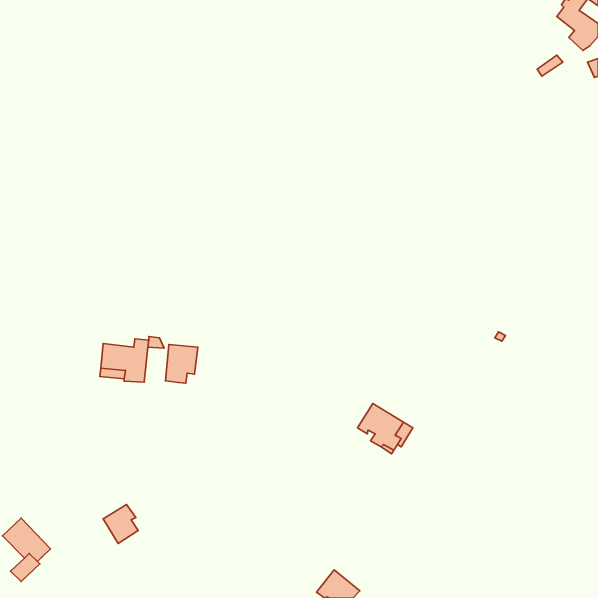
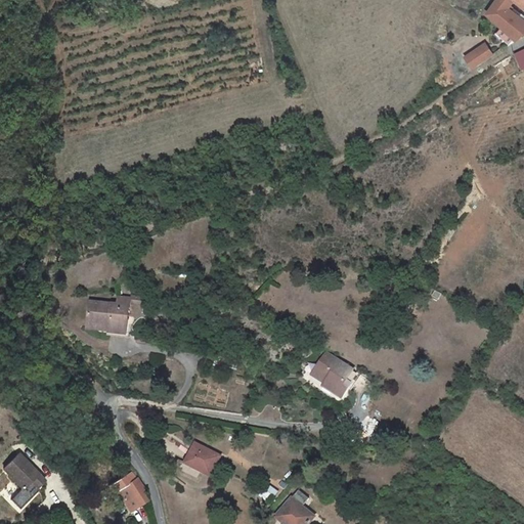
building: [165,345,198,383] -> none
building: [103,505,138,543] -> [116,477,146,511]
building: none -> [185,442,220,475]

